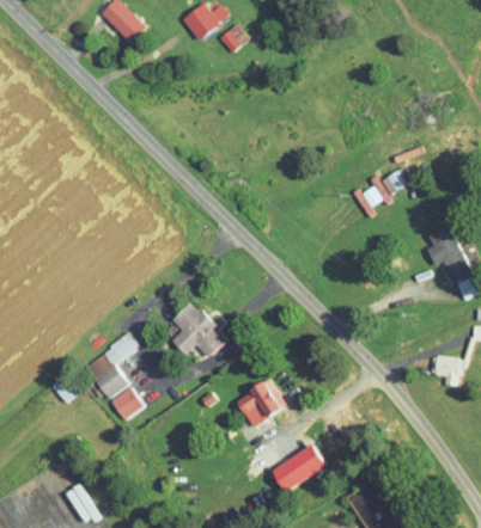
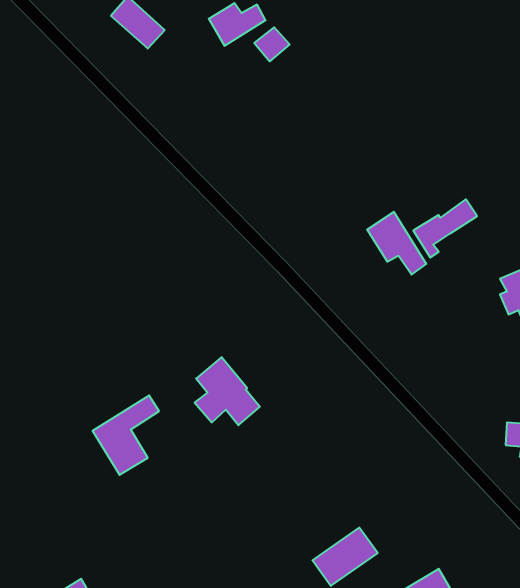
building: none -> [367,212,426,275]
building: [235,379,286,428] -> none
building: [111,387,146,420] -> none

